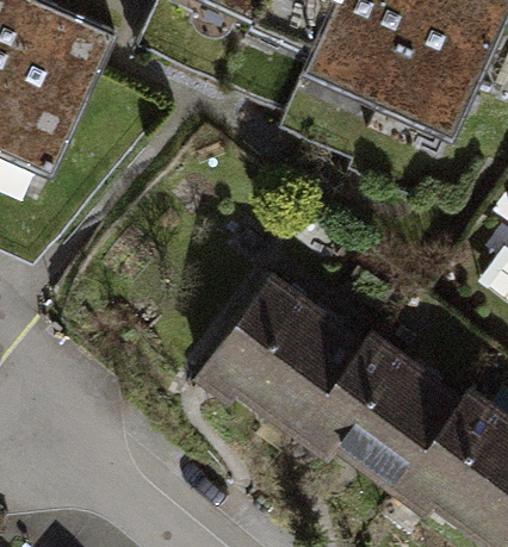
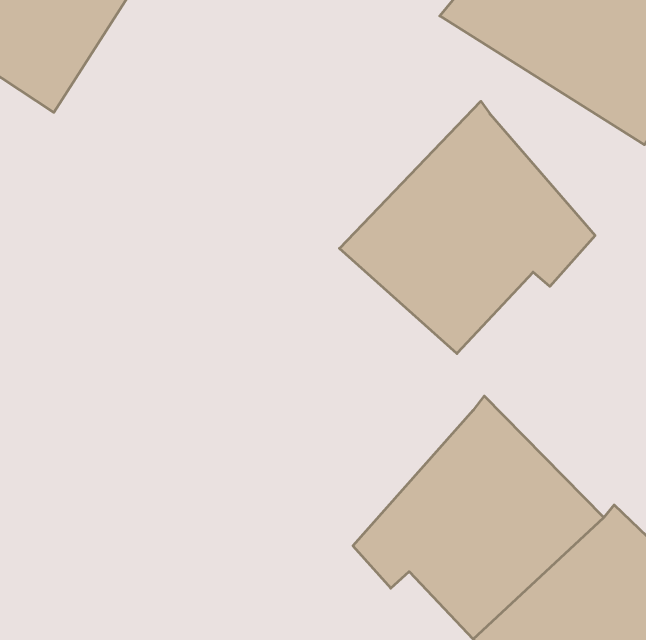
building: none -> [339,101,595,354]
building: [191,271,364,440] -> none

